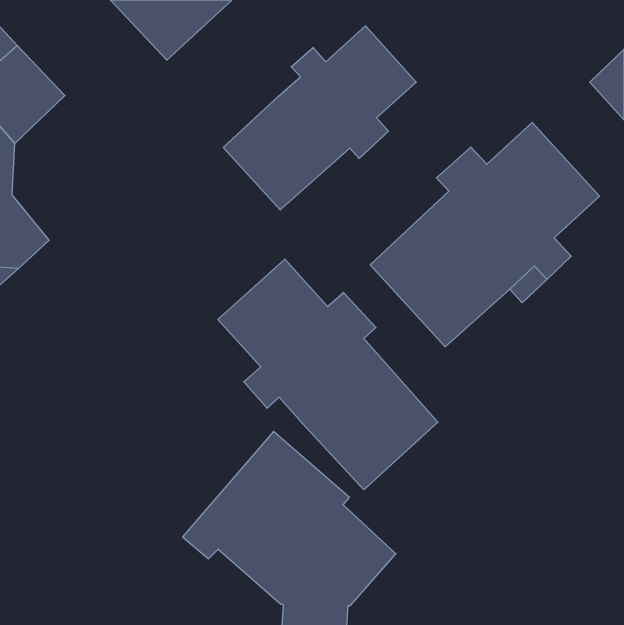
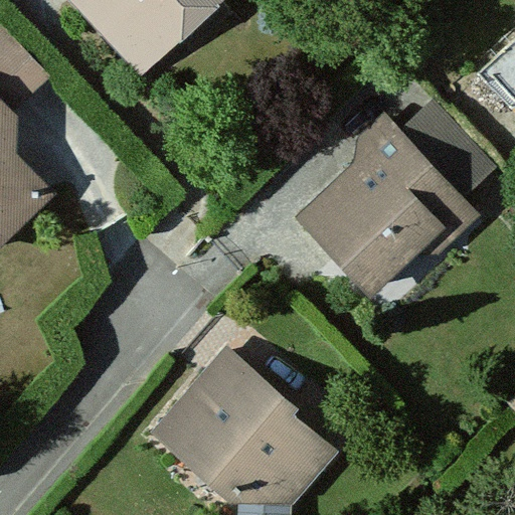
building: [223,26,416,210] -> none
building: [218,259,438,490] -> none

